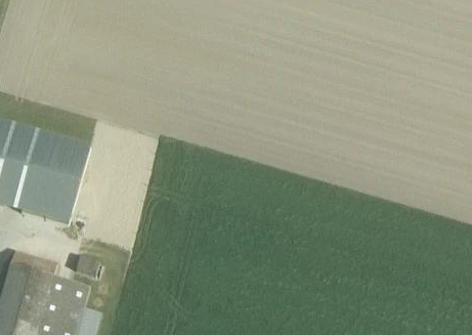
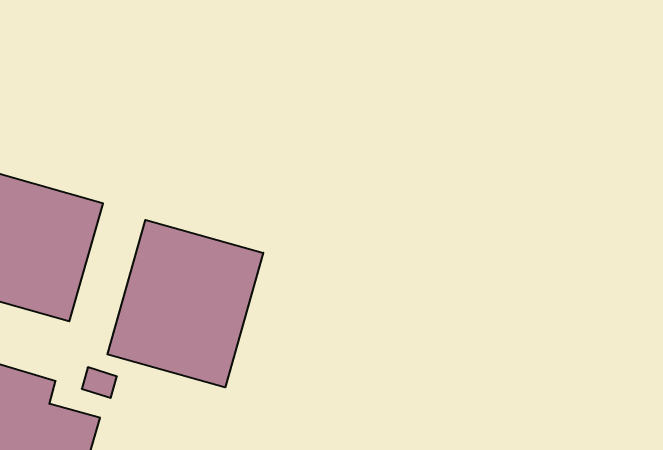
building: none -> [107,220,263,387]

